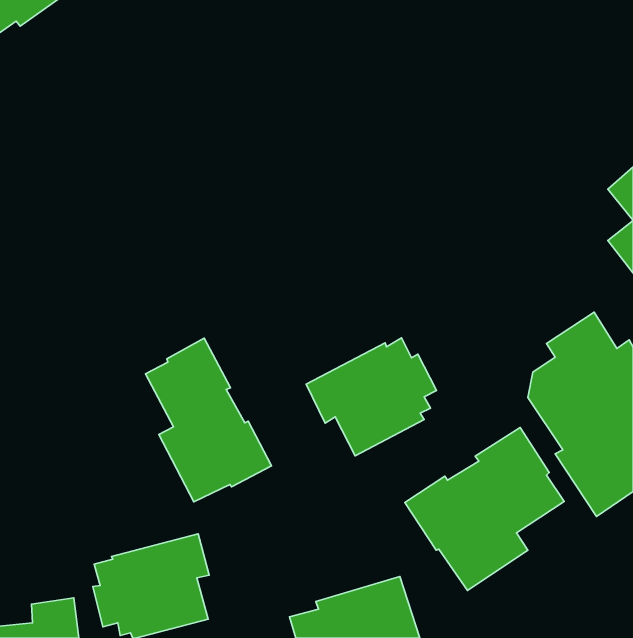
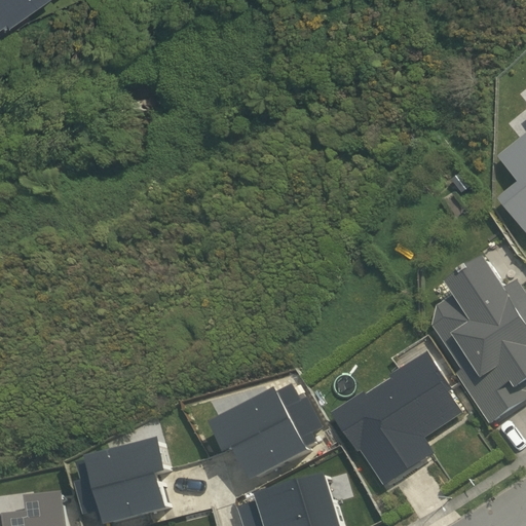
building: [306,338,437,456] -> [215,383,322,480]
building: [146,338,272,502] -> none

